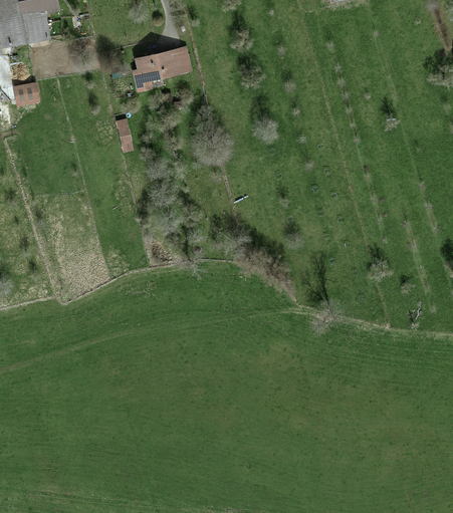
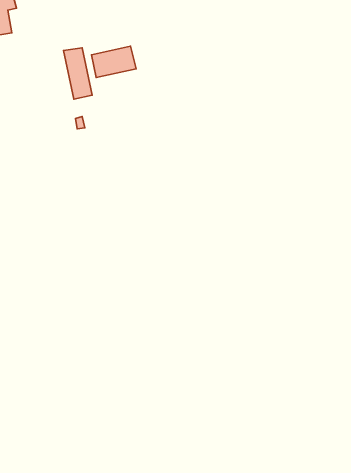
building: none -> [64,48,92,99]

